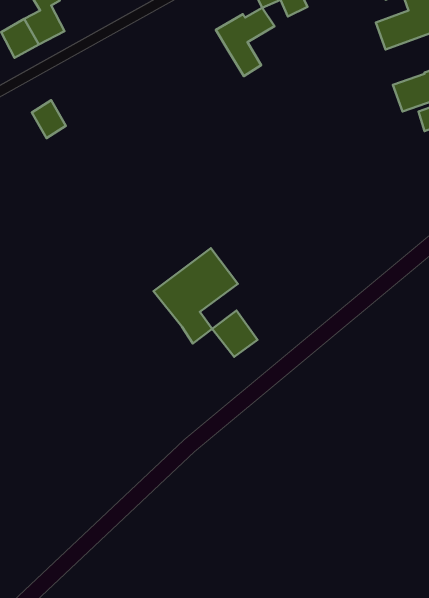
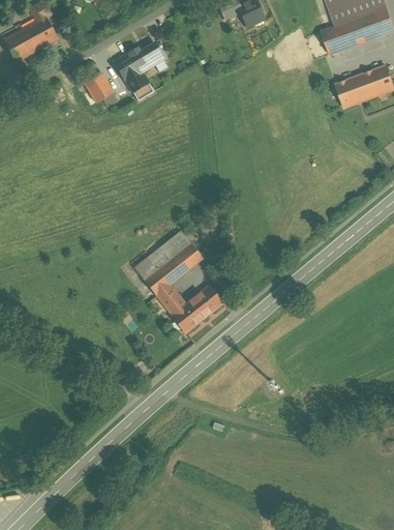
building: [216,8,274,76] -> [114,43,163,101]
building: [32,100,66,138] -> [83,71,112,104]
building: none -> [165,292,201,329]

